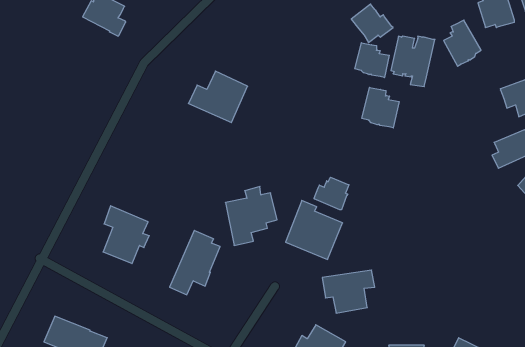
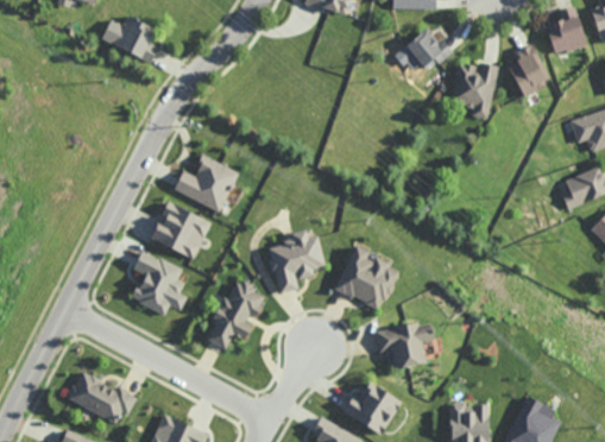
building: [355,43,389,78] -> none
building: [188,71,248,123] -> [172,156,238,213]
building: [362,87,399,128] -> none
building: none -> [151,202,210,259]
building: [314,177,349,210] -> none

